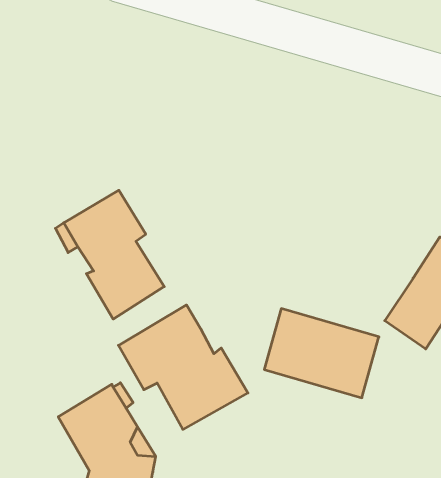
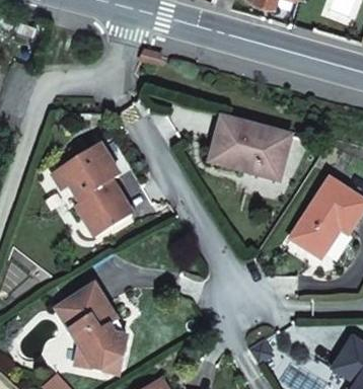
building: [118,305,248,429] -> none
building: [264,309,379,398] -> [210,115,292,179]

